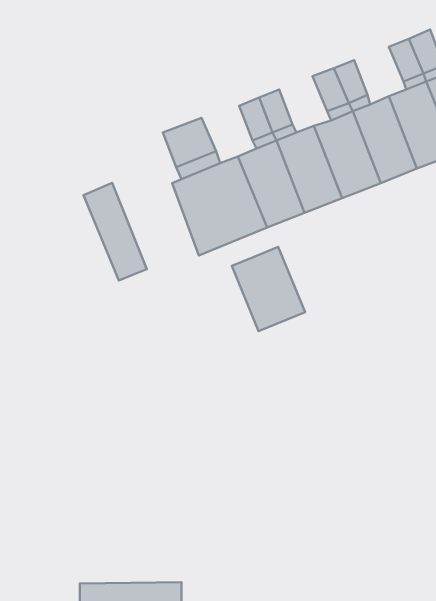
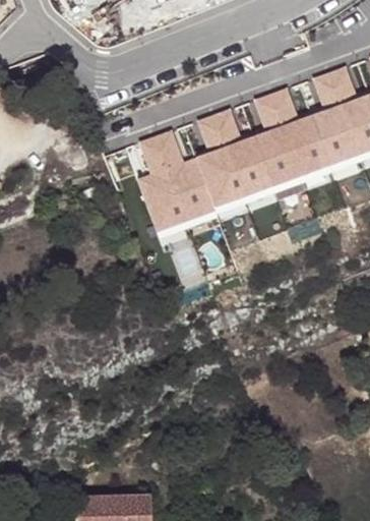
building: [84,183,147,281] -> none
building: [232,247,305,331] -> none

